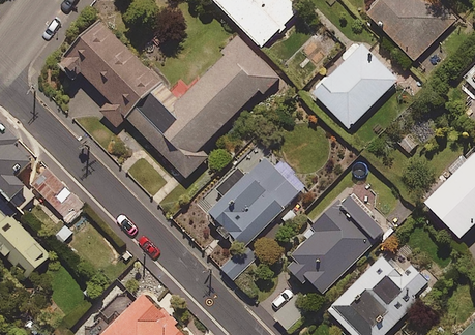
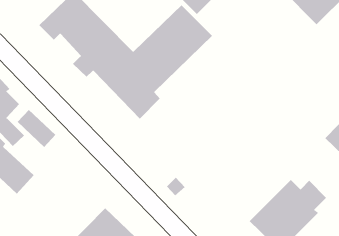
building: [308,41,395,128] -> none
building: [196,147,299,250] -> none
building: [283,192,385,294] -> none

